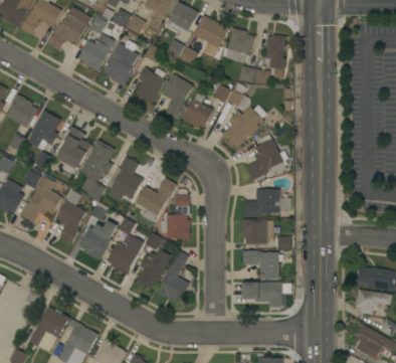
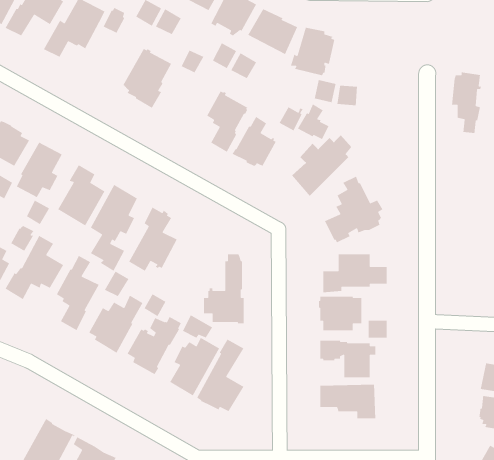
building: [77,33,114,72] -> none
building: [264,34,286,78] -> [451,72,482,134]
building: [135,66,165,104] -> none
building: [135,177,176,222] -> none

